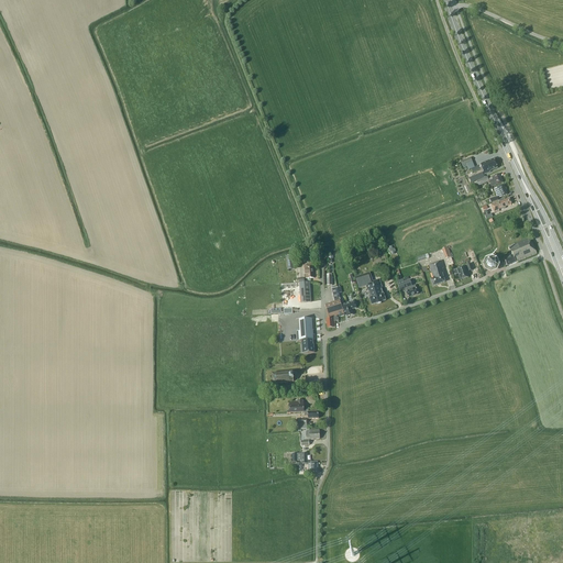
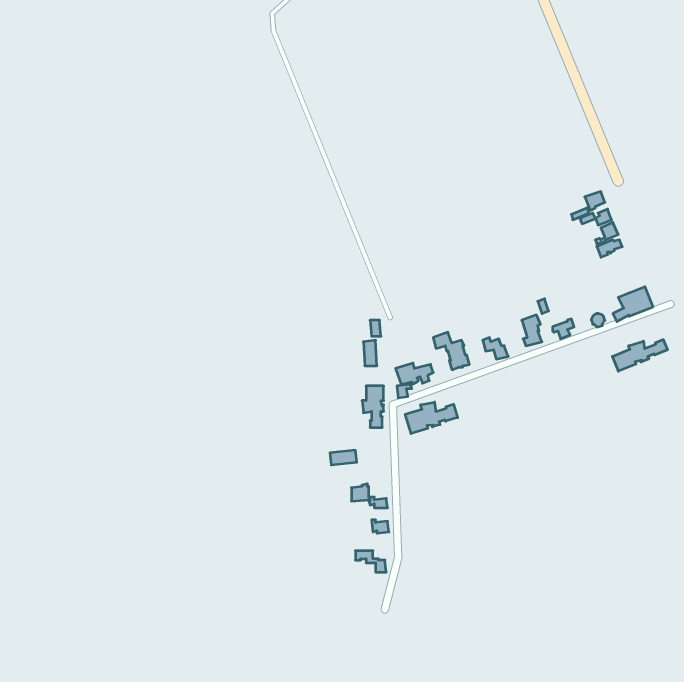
building: none -> [612,340,667,371]
building: none -> [405,402,458,434]

